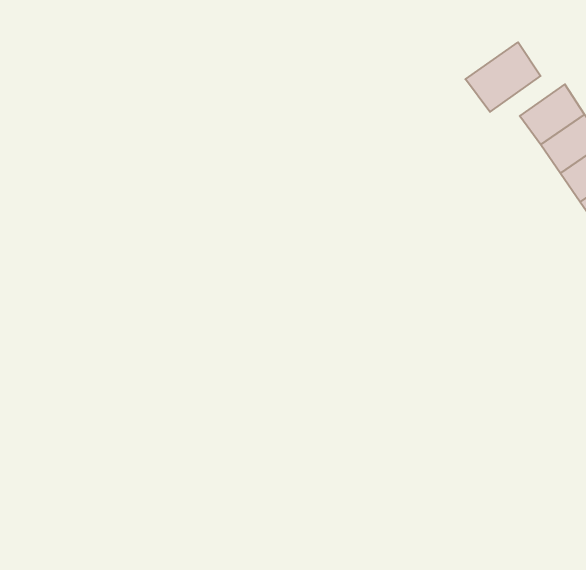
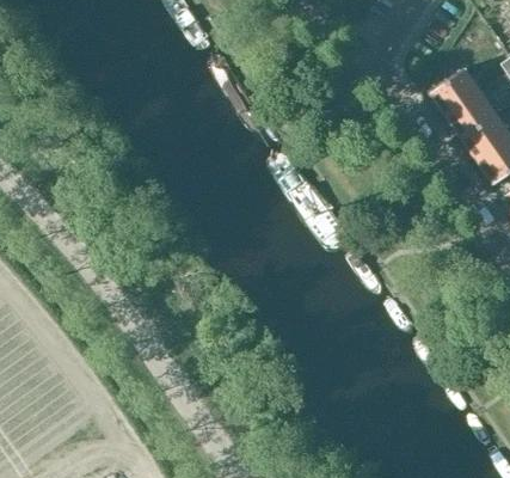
building: [465,42,541,112] -> none

